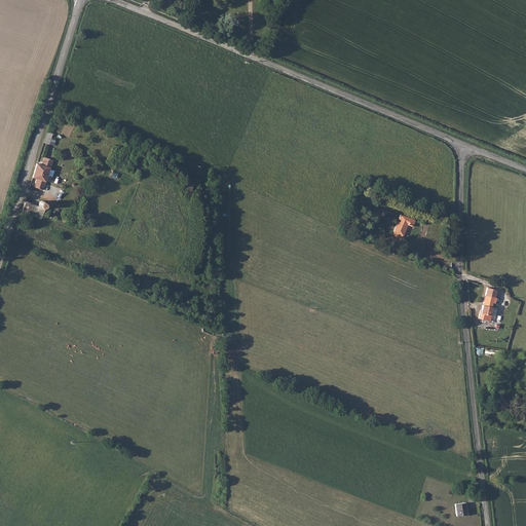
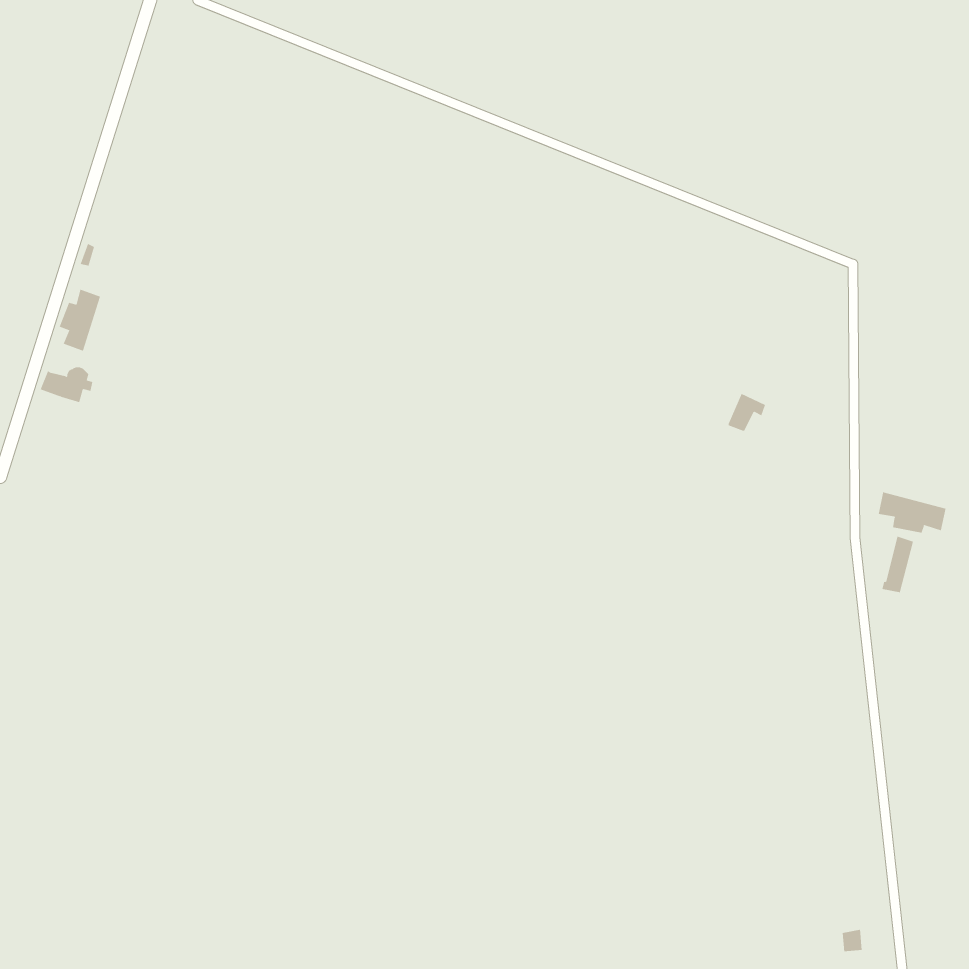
building: none -> [878,492,946,534]

